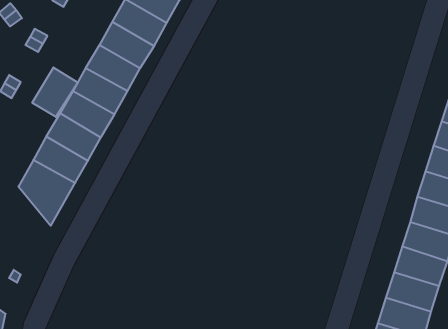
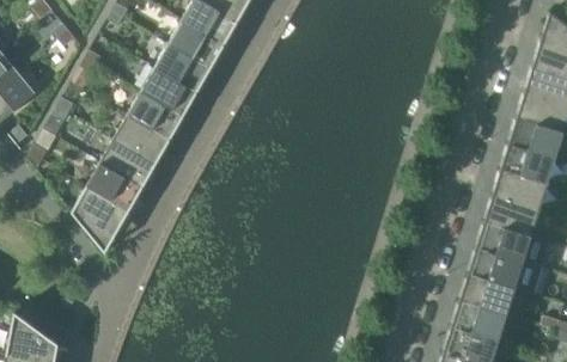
building: [32,67,78,117] -> none

